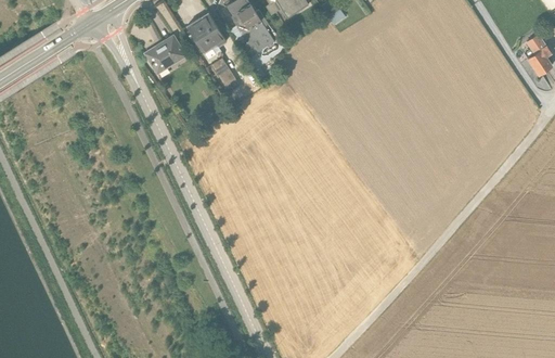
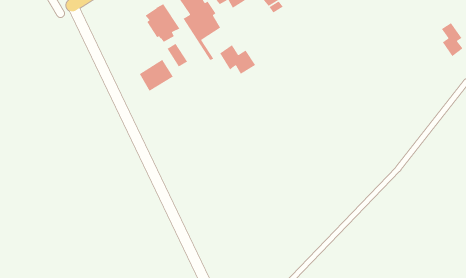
building: [145,36,185,74] -> [139,59,174,92]
building: none -> [219,44,256,75]

